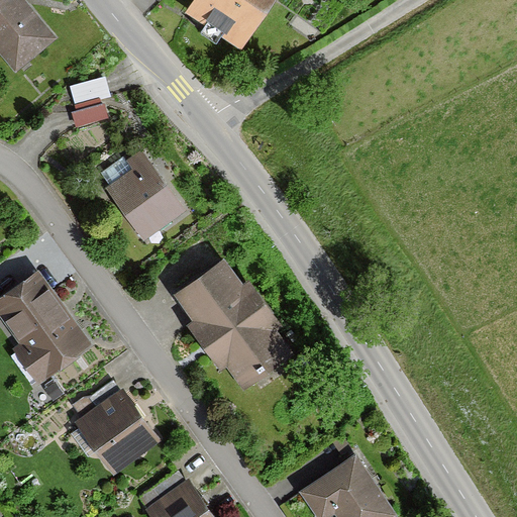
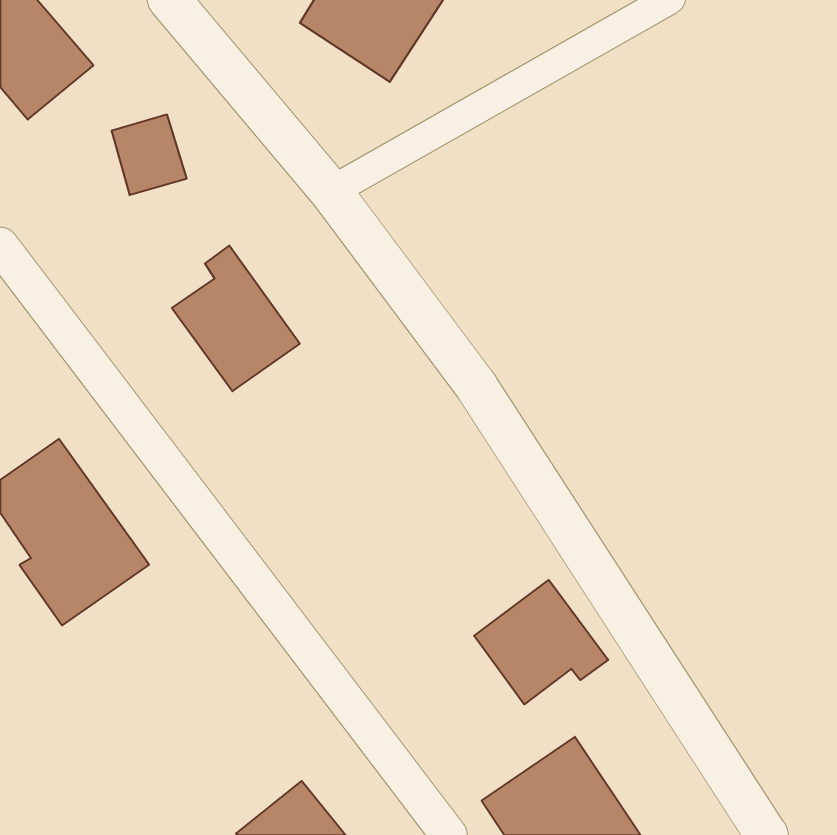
building: [170,257,293,391] -> none
building: none -> [474,580,608,704]
building: [75,382,163,471] -> none

